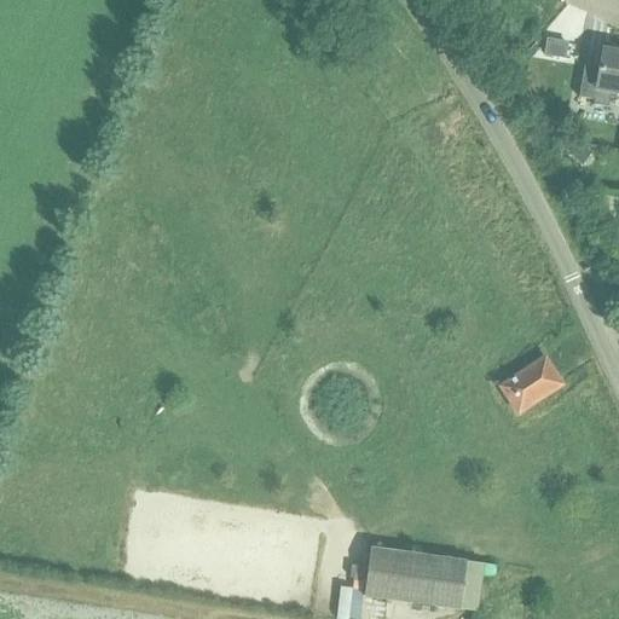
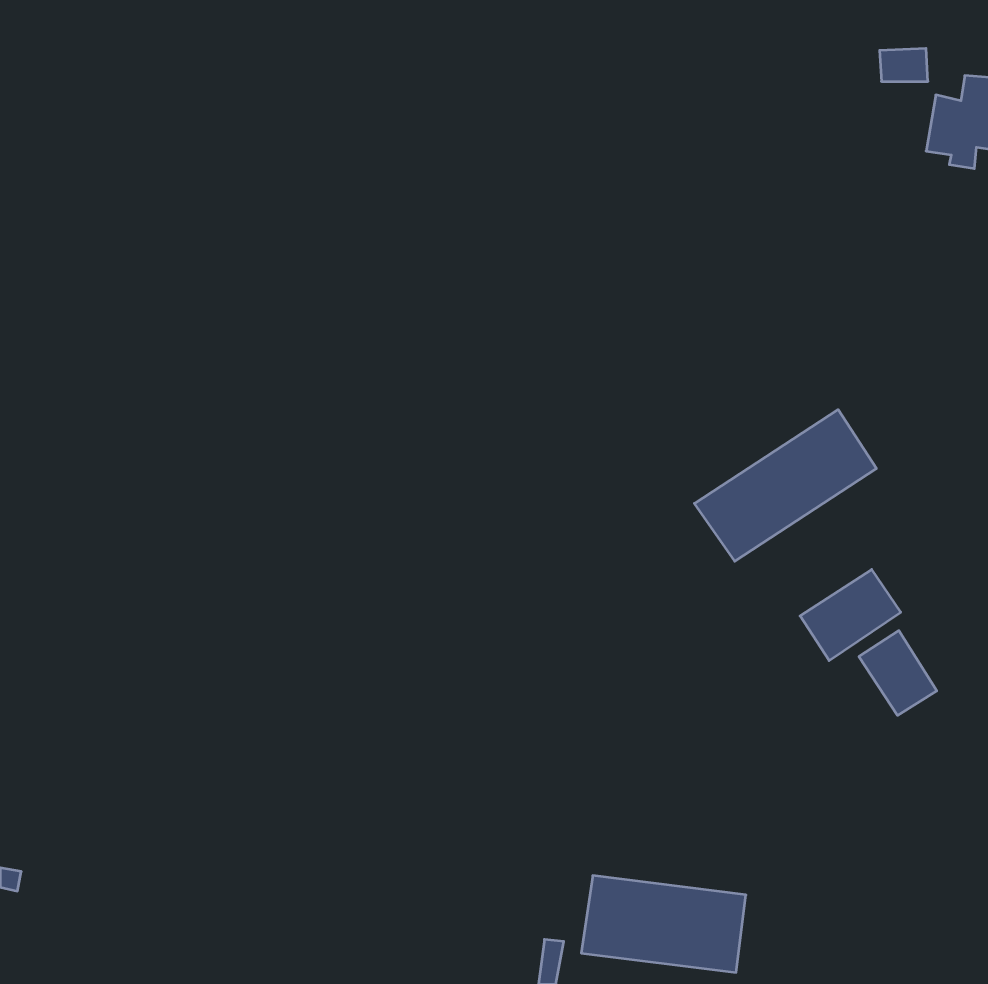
building: none -> [694,410,876,561]
building: none -> [859,631,937,715]

